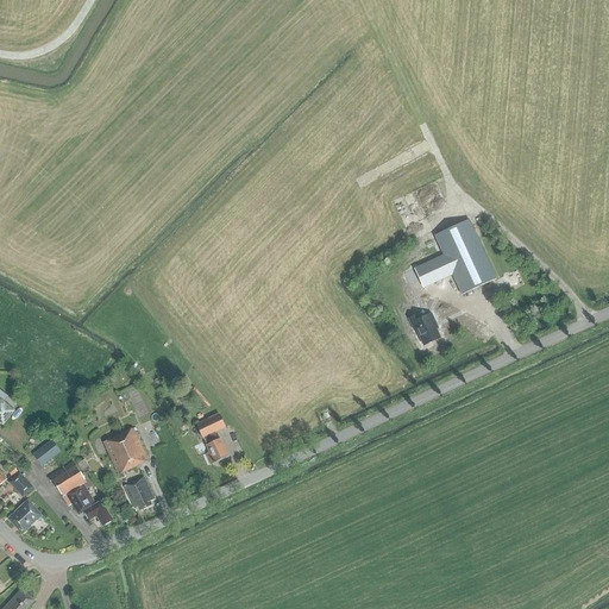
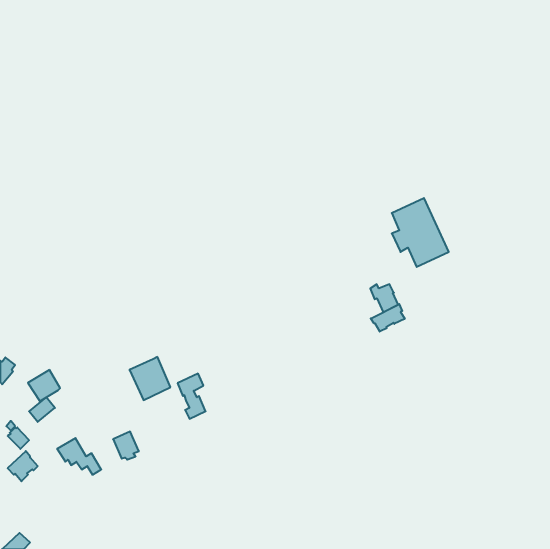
building: [413,258,442,288] -> none
building: none -> [371,304,405,332]
building: [102,427,147,475] -> [129,357,170,400]
building: [50,462,86,496] -> [28,370,60,401]

